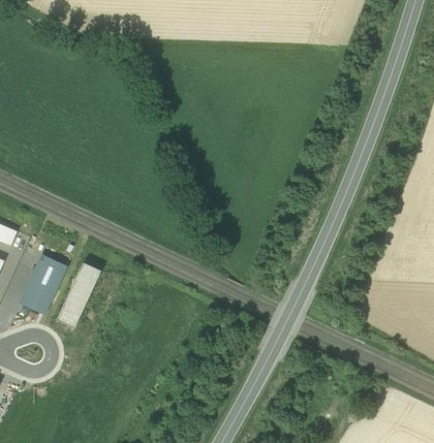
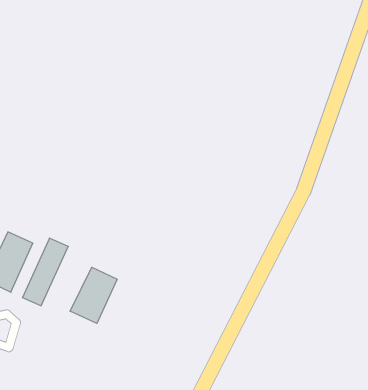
building: none -> [70,267,117,323]

